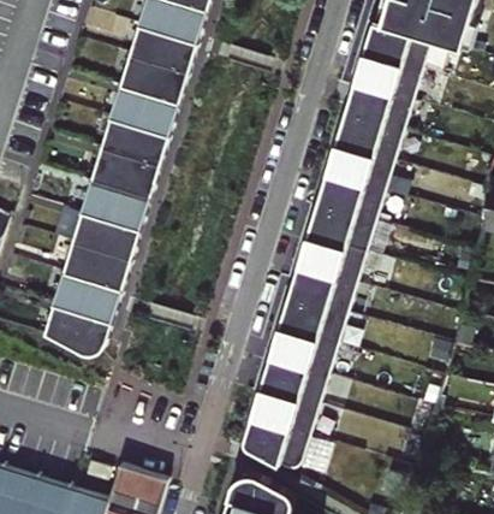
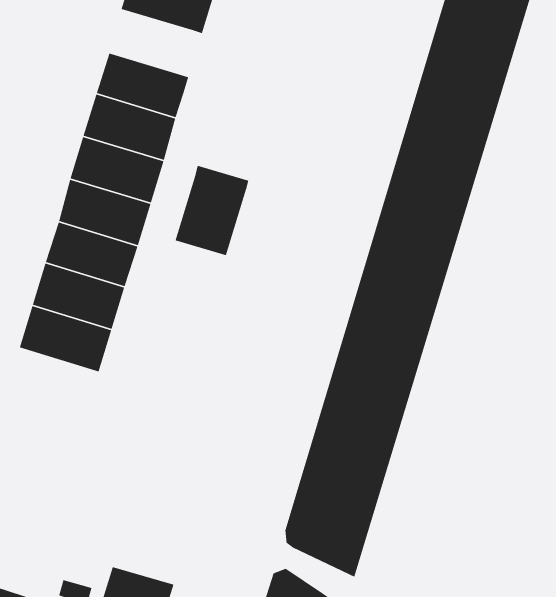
building: [119,54,188,104] -> none
building: none -> [174,165,249,256]
building: [44,302,112,351] -> none

